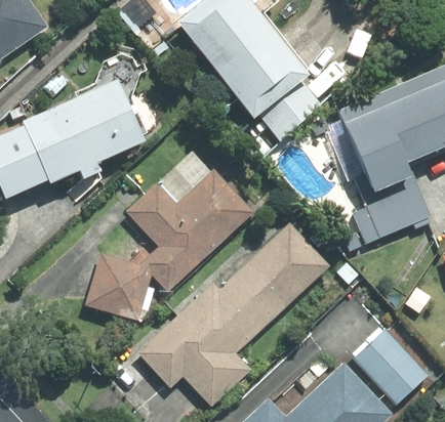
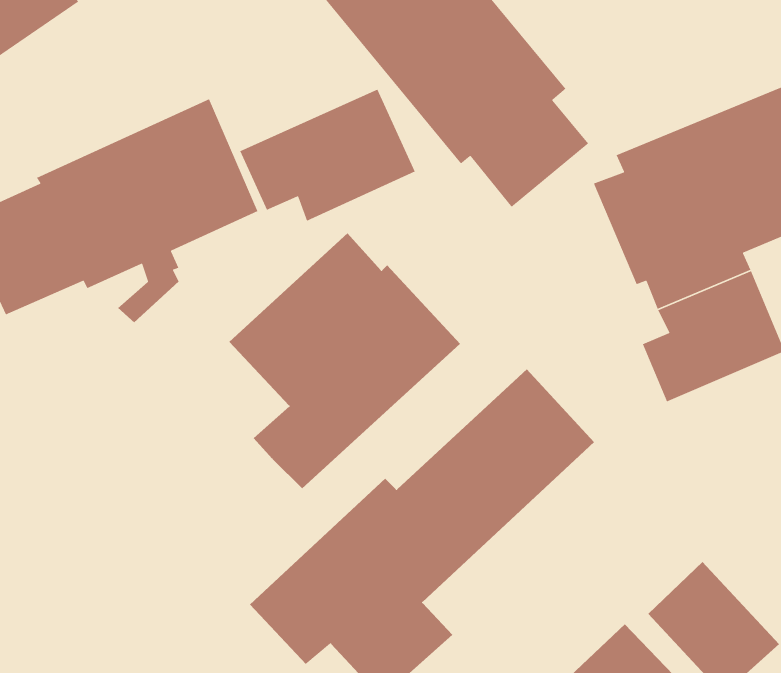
building: none -> [239,88,416,222]
building: [85,252,152,320] -> none

